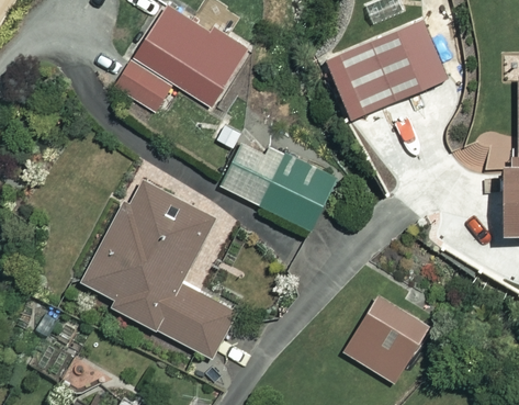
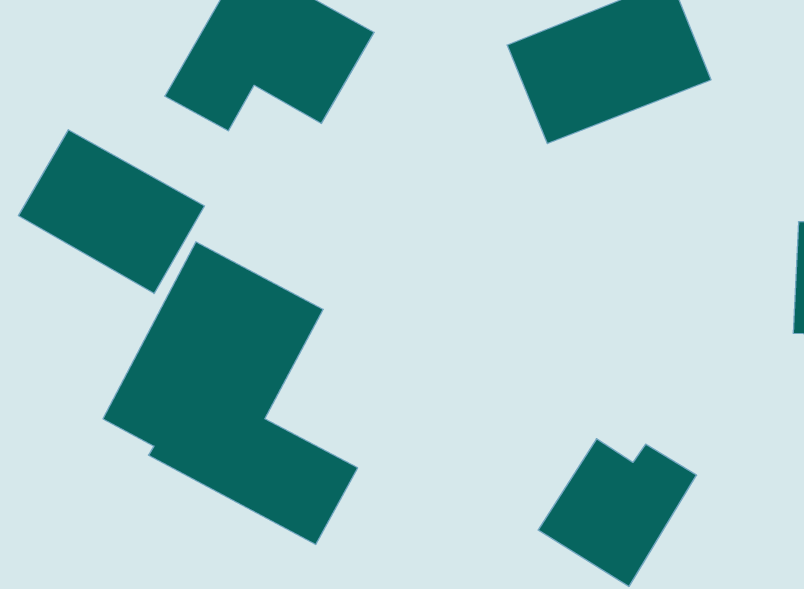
building: none -> [18,130,204,294]
building: [219,138,338,232] -> none

